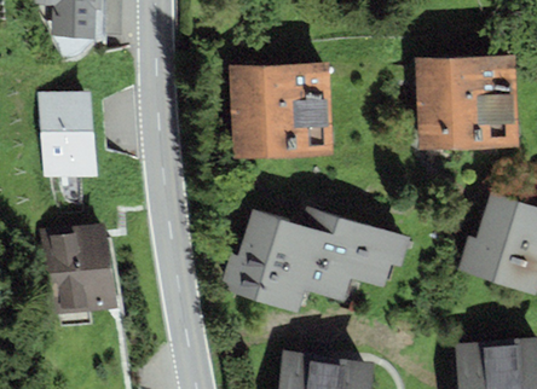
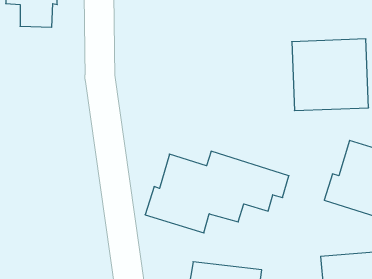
building: [230,62,334,157] -> none
building: [37,89,97,178] -> none
building: [42,221,119,327] -> none

